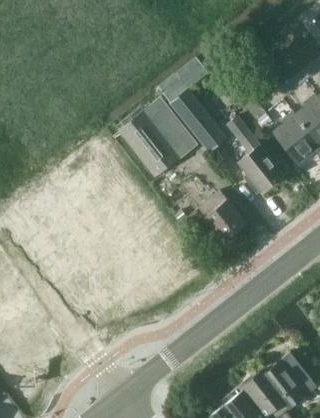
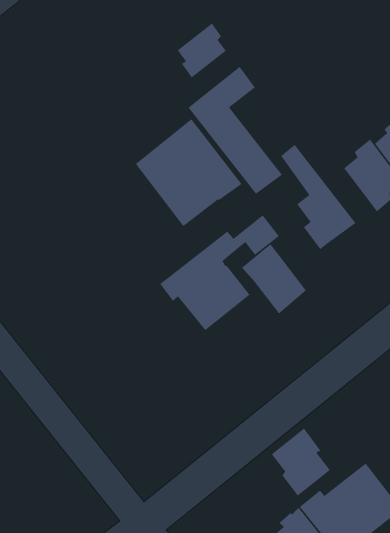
building: none -> [177,22,227,79]
building: none -> [159,214,280,331]
building: none -> [271,428,331,497]

